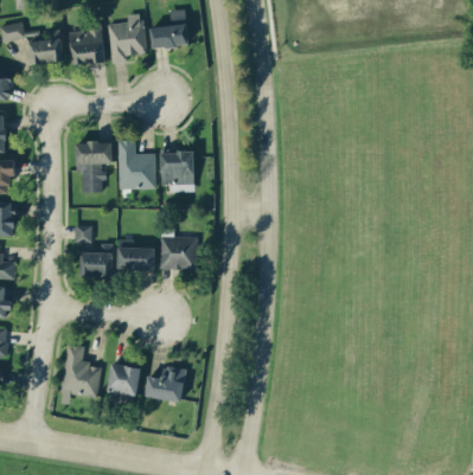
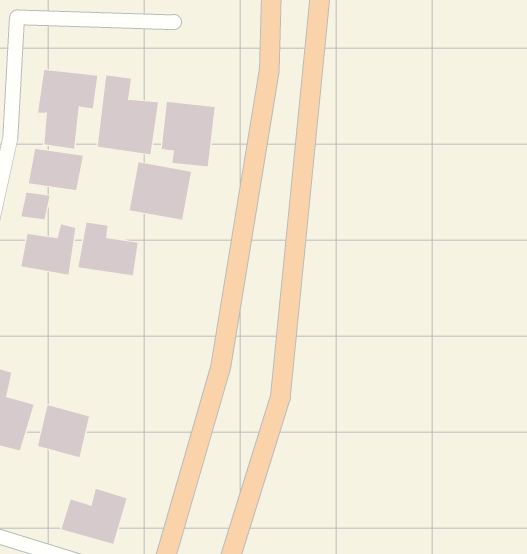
building: none -> [28,148,83,191]
building: [160,236,198,270] -> [129,162,192,220]
building: [145,366,186,402] -> [60,488,128,544]

